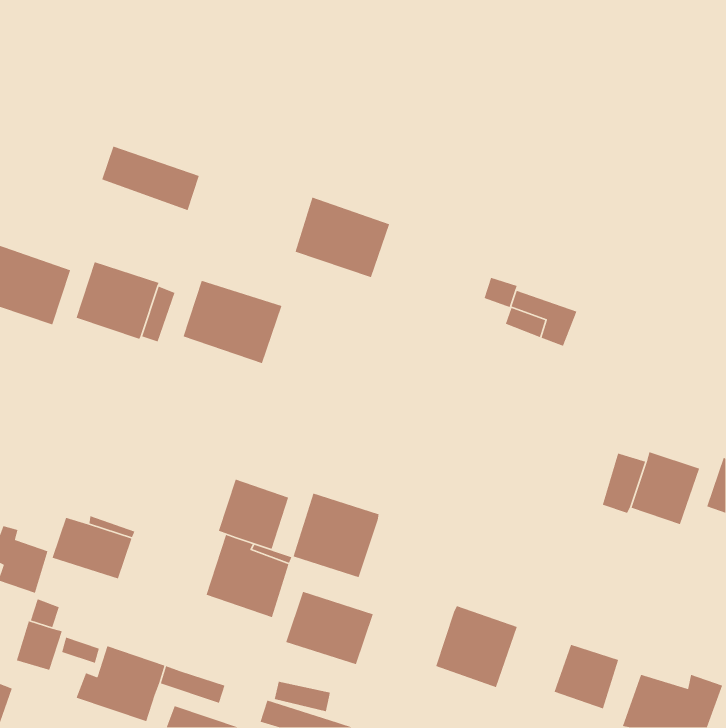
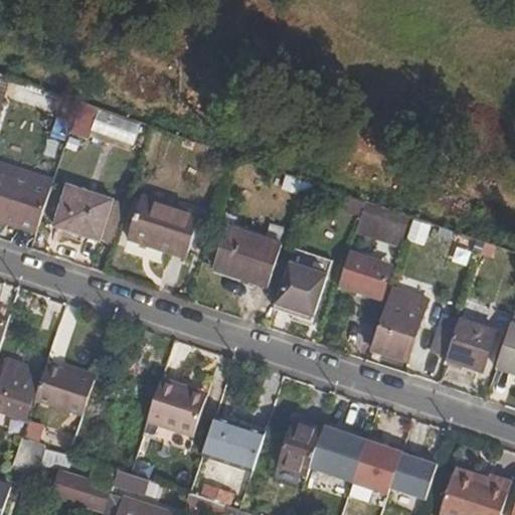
building: [295,197,390,278] -> [213,227,281,285]
building: none -> [338,250,388,298]
building: none -> [278,264,329,315]
building: none -> [373,294,421,360]
building: [218,478,289,550] -> none
building: [292,492,380,578] -> none
building: none -> [276,420,320,474]
building: none -> [350,442,402,498]

